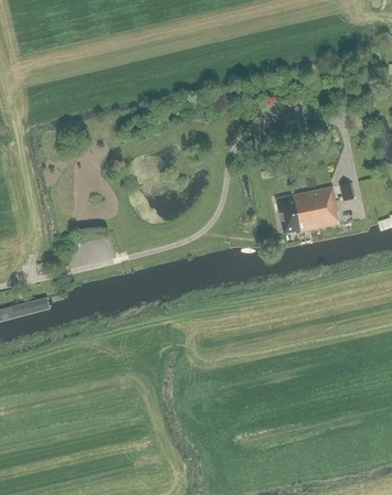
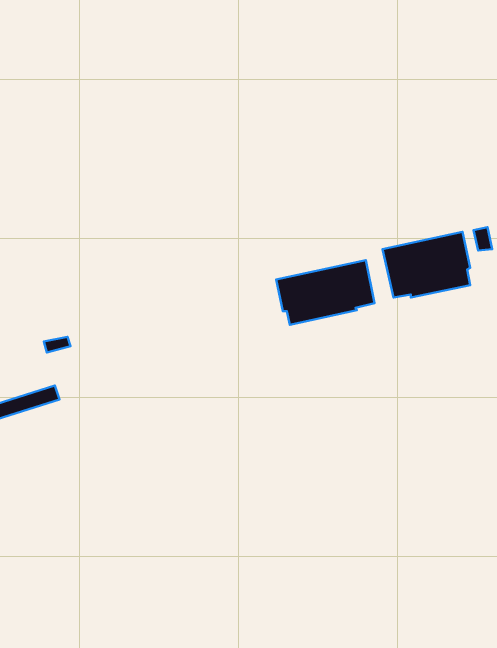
building: none -> [276,260,375,325]

